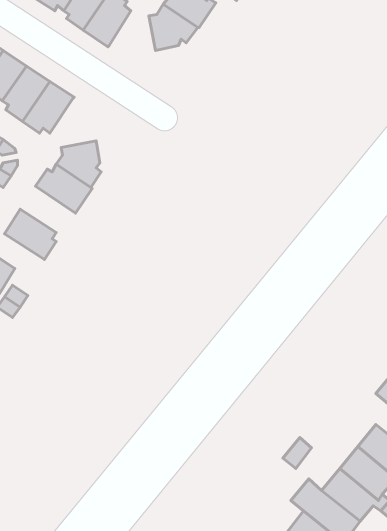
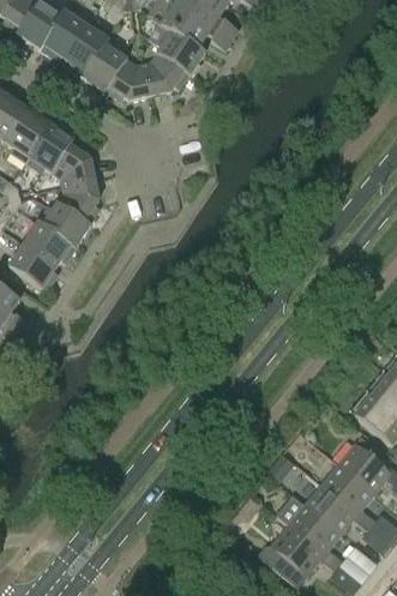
building: none -> [106,58,149,100]
building: none -> [50,139,94,185]
building: none -> [23,221,74,264]

